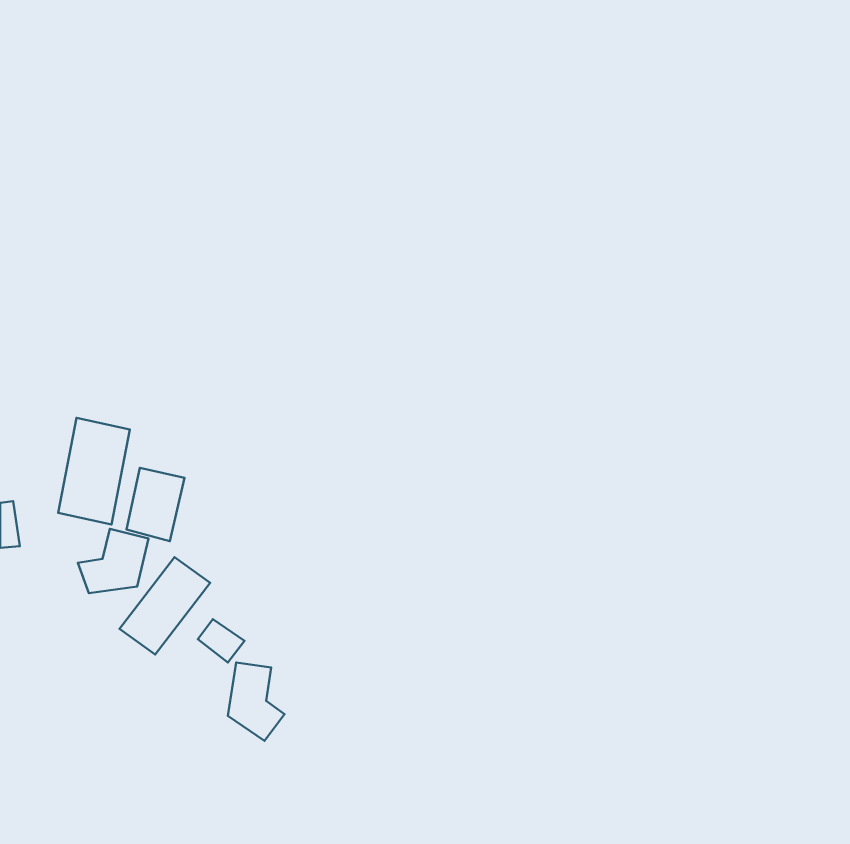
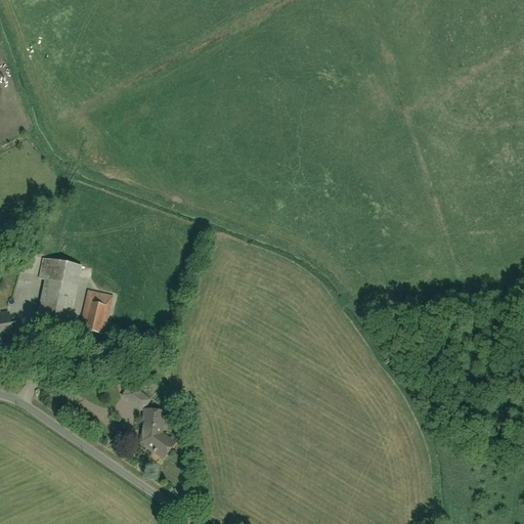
building: [78,529,149,593] -> none
building: [119,557,210,655] -> none

